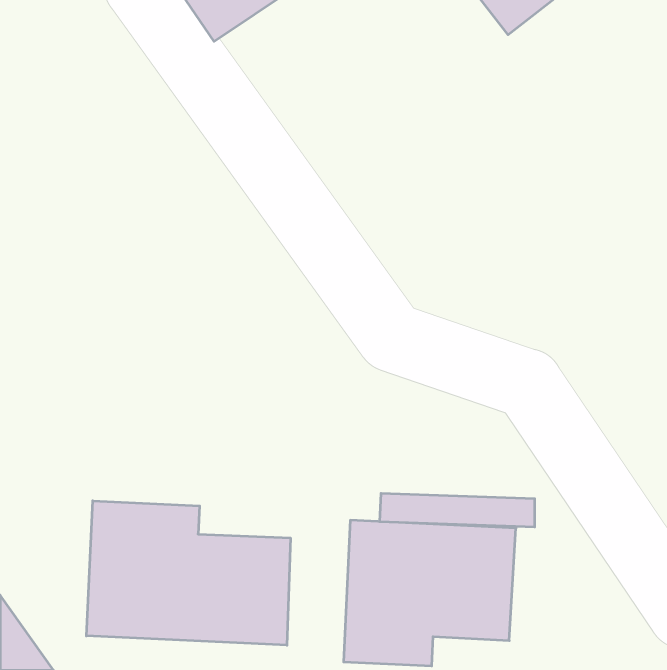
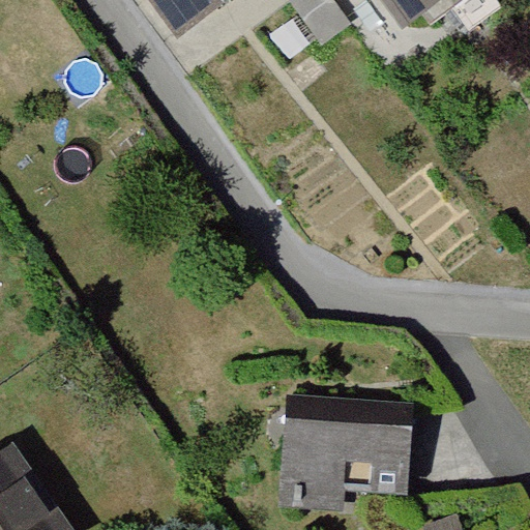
building: [86,501,290,645] -> none

